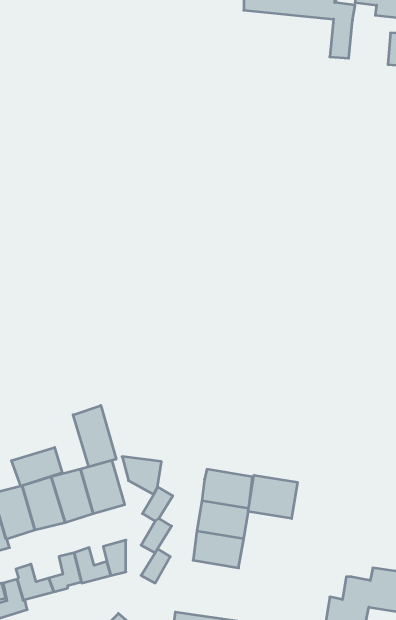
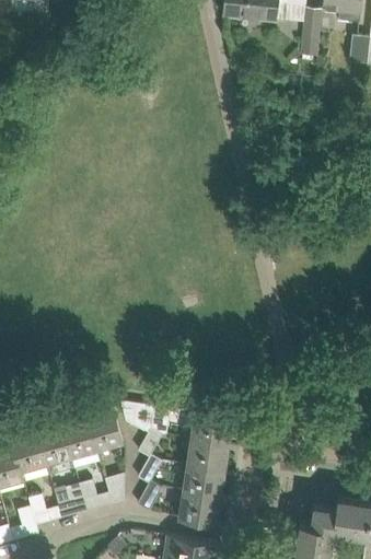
building: [73,405,116,467] -> none
building: [11,447,62,486] -> none
building: [248,475,297,519] -> none
building: none -> [177,491,221,524]

